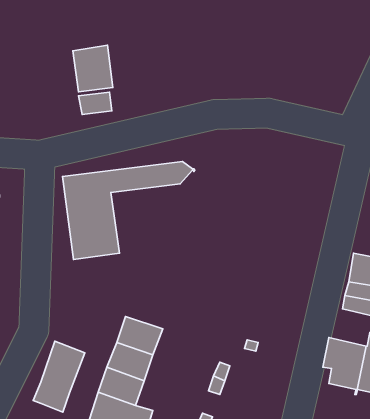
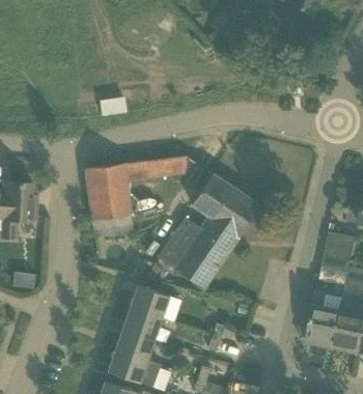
building: [73,45,113,92] -> none
building: none -> [160,174,261,288]
building: [33,341,85,412] -> none

